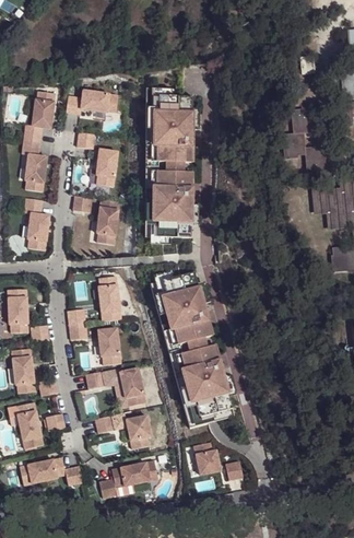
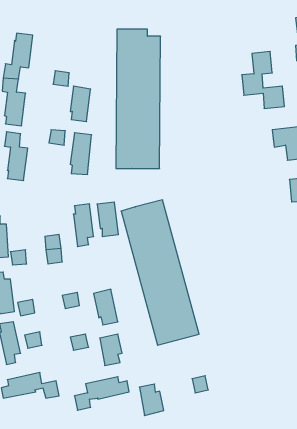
building: [66,91,118,114] -> none
building: [97,328,120,365] -> [97,202,118,237]
building: [194,441,221,475] -> [139,384,164,416]

